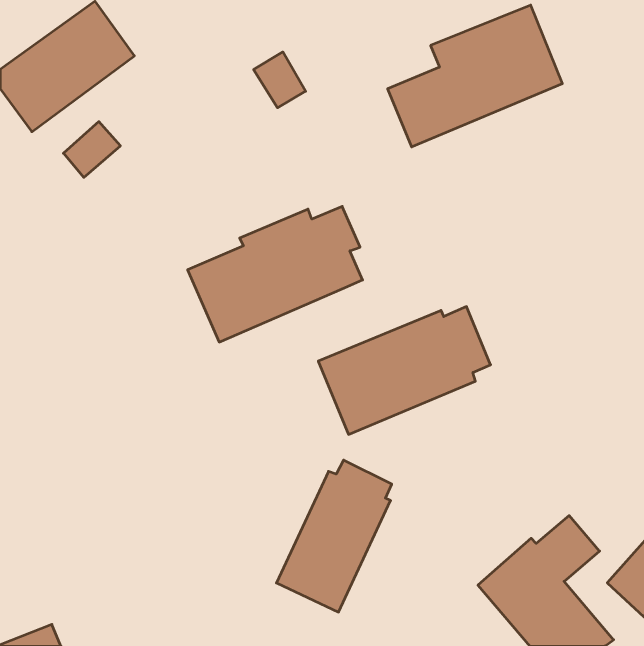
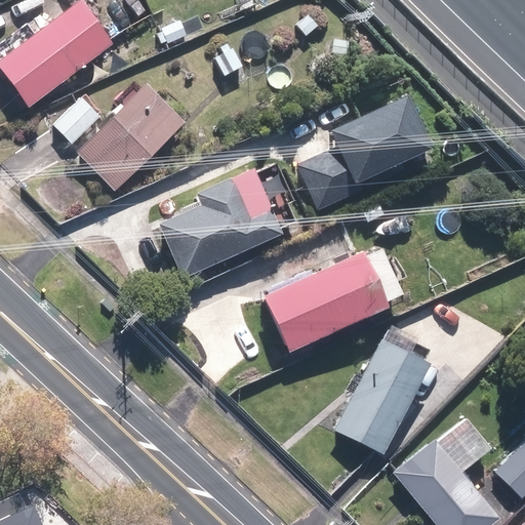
building: [388,5,562,147] -> [294,97,436,212]
building: none -> [78,78,193,190]
building: [276,460,392,612] -> [335,329,429,452]

